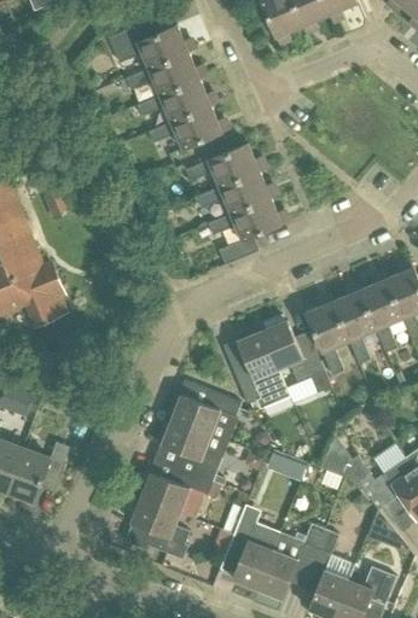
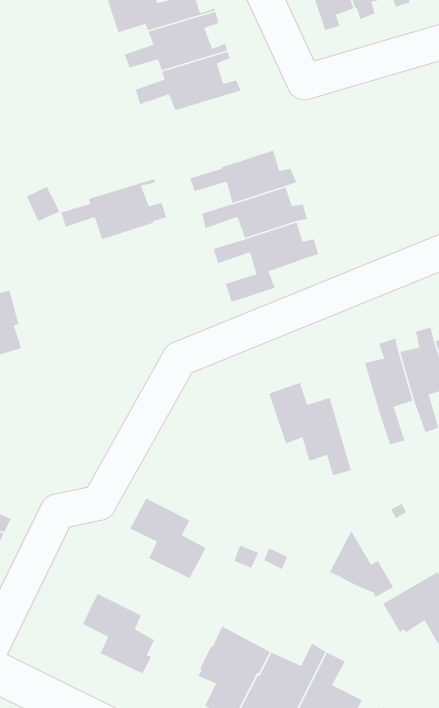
building: [149,99,232,151] -> [60,178,167,240]
building: [304,292,348,375] -> none
building: [231,332,278,403] -> none
building: [173,381,242,436] -> none
building: [141,468,213,513] -> none

